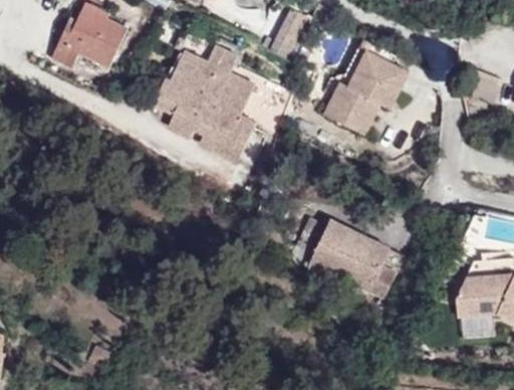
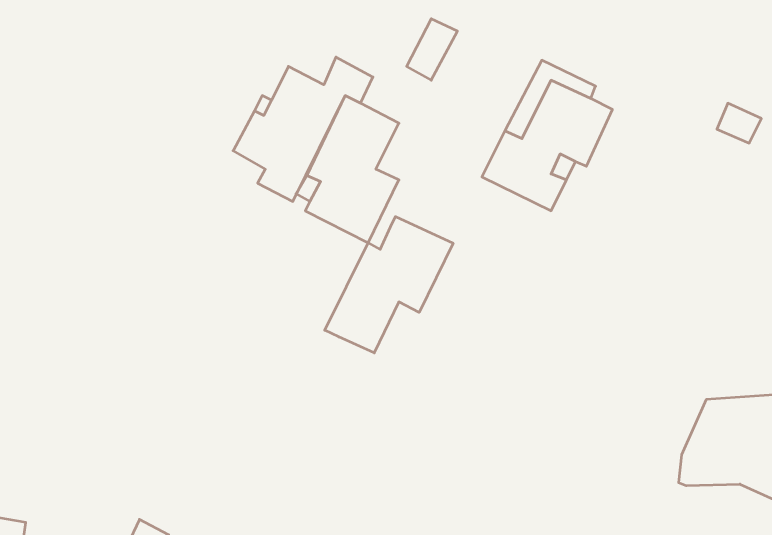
building: [48,8,123,65] -> none
building: none -> [325,217,453,353]
building: [308,214,401,302] -> none

